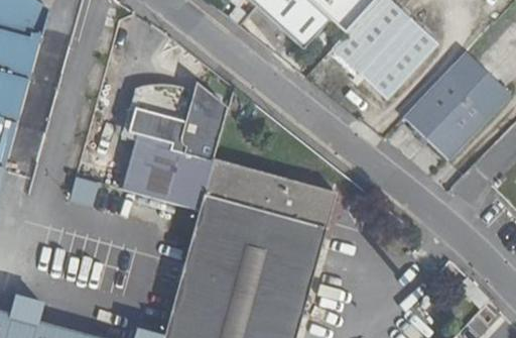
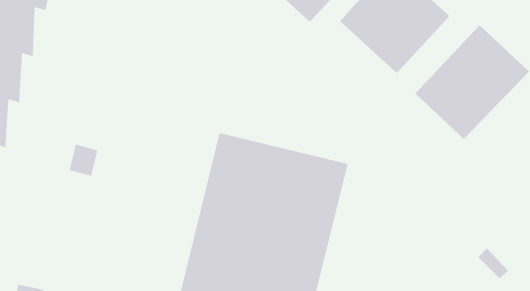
building: [120,83,224,210] -> none

